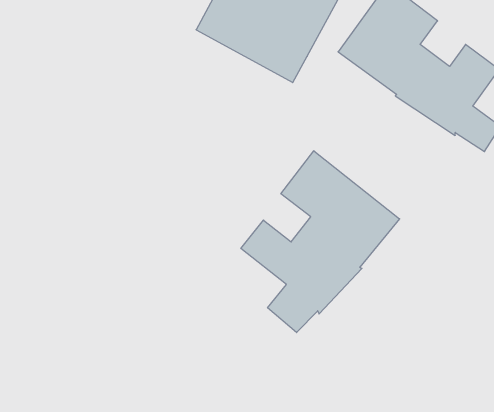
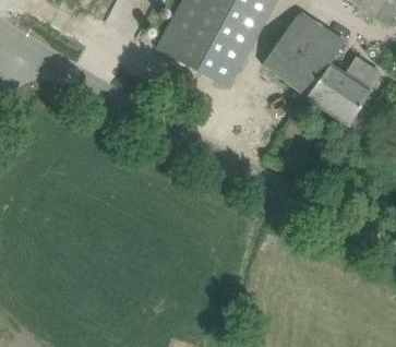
building: [241,151,400,333] -> none

